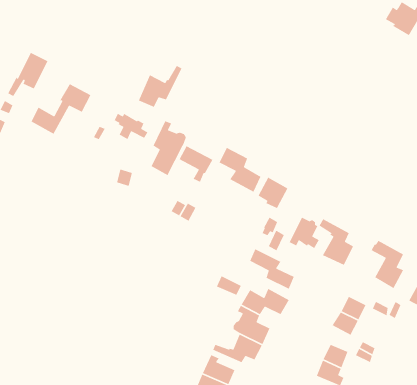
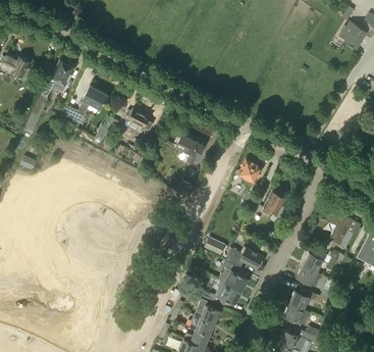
building: [138,65,183,108] -> none
building: [151,120,187,176] -> none
building: [219,147,262,193] -> none
building: [318,218,354,266] -> none
building: [249,248,295,290] -> none

